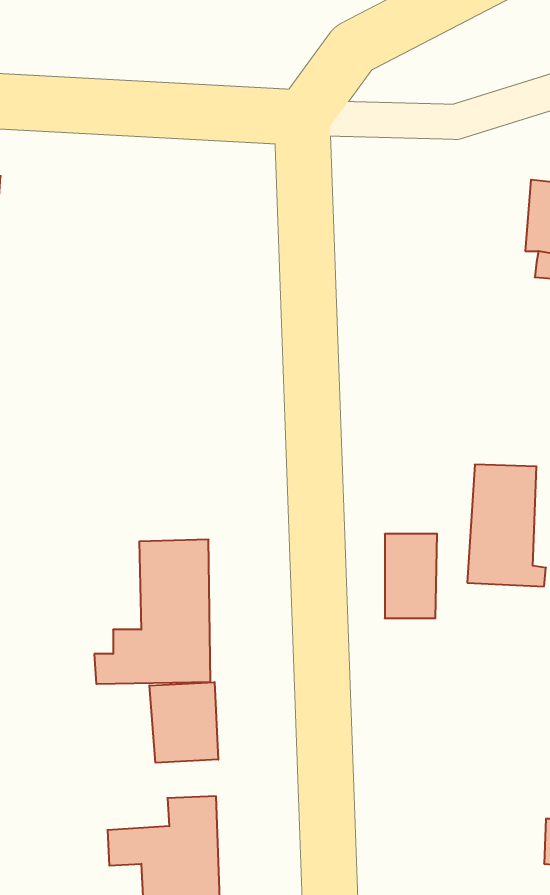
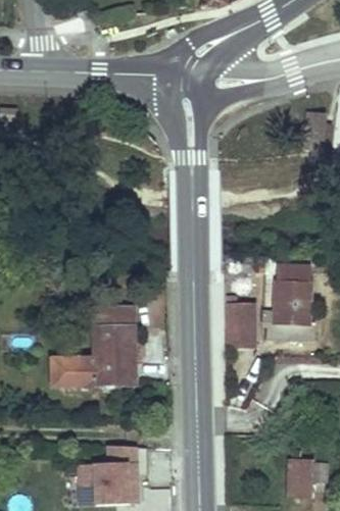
building: [149,682,218,763] -> none
building: none -> [288,459,313,496]

